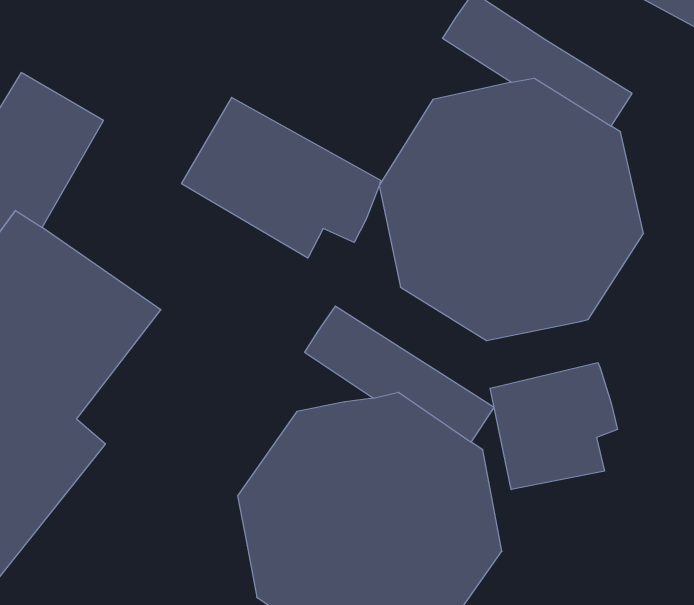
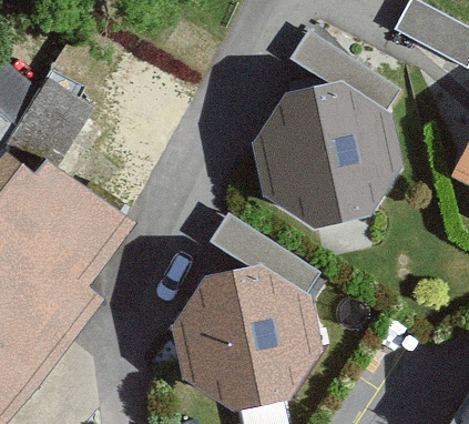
building: [182,97,381,258] -> none
building: [490,363,617,490] -> none

